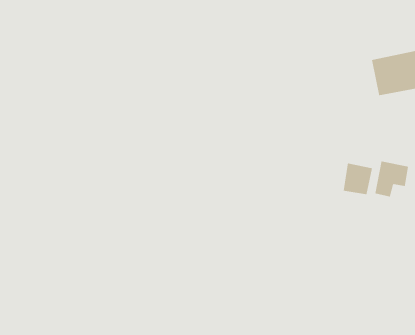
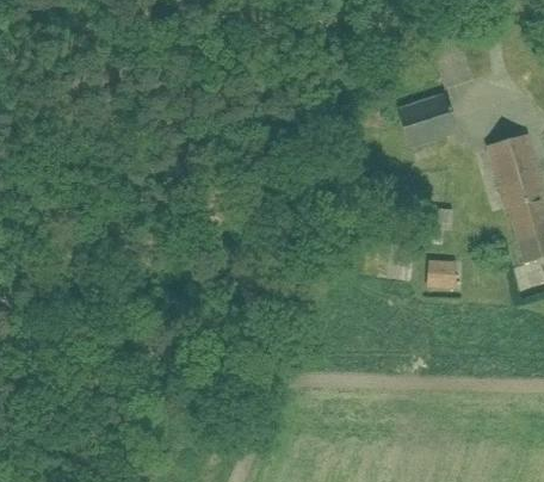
building: [343,163,373,195] -> [432,260,458,289]

